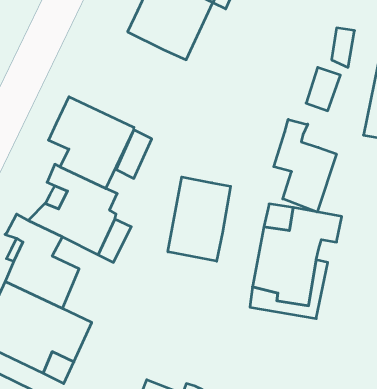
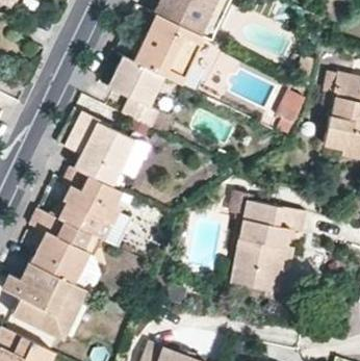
building: none -> [105,55,160,127]
building: [274,119,336,212] -> none
building: [168,177,231,261] -> none

